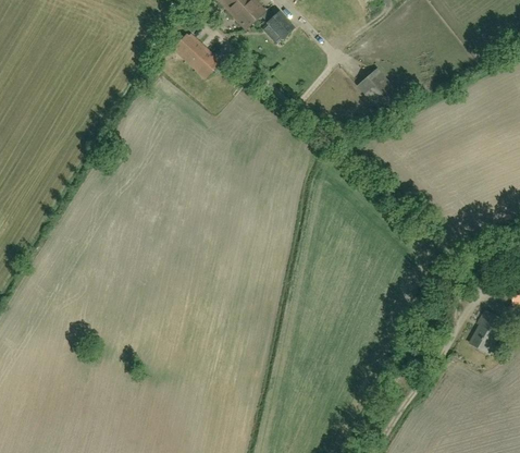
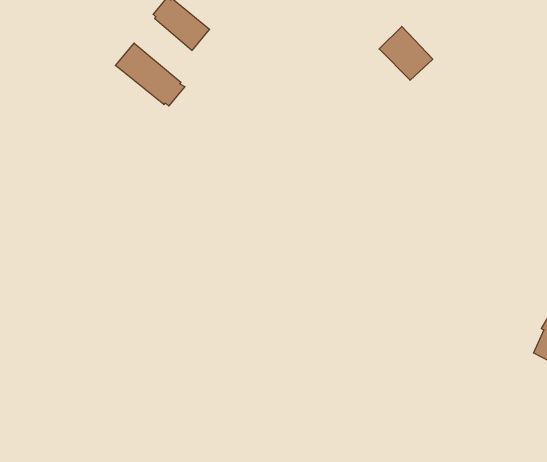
building: none -> [115,43,185,106]

